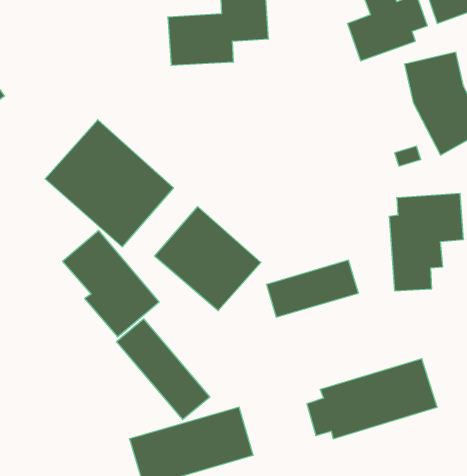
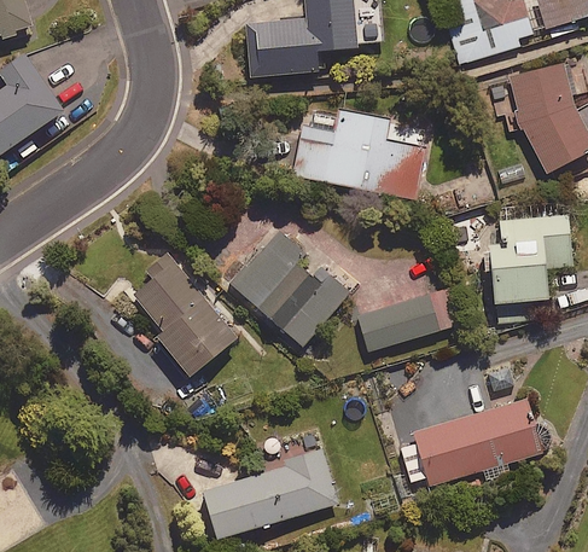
building: none -> [293,110,424,199]
building: [45,120,174,247] -> none
building: [117,319,210,420] -> none

